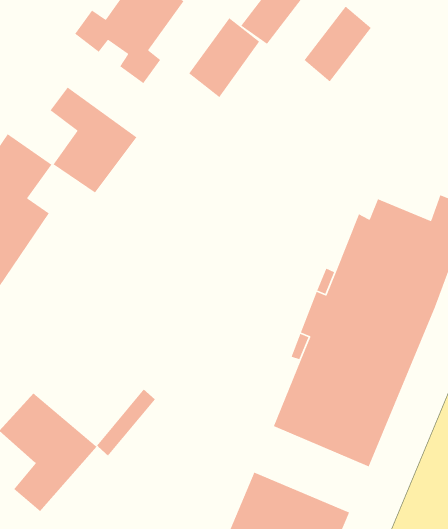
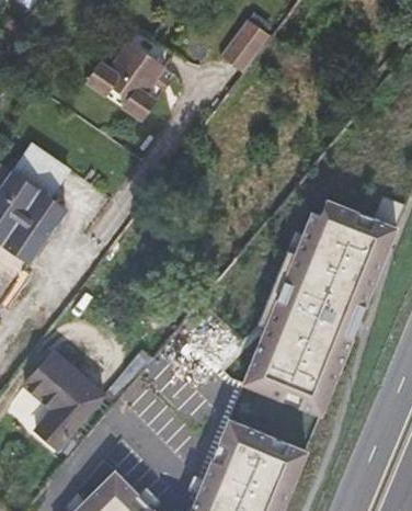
building: [304,5,372,83] -> none
building: [188,17,260,98] -> none
building: [49,87,137,194] -> none

